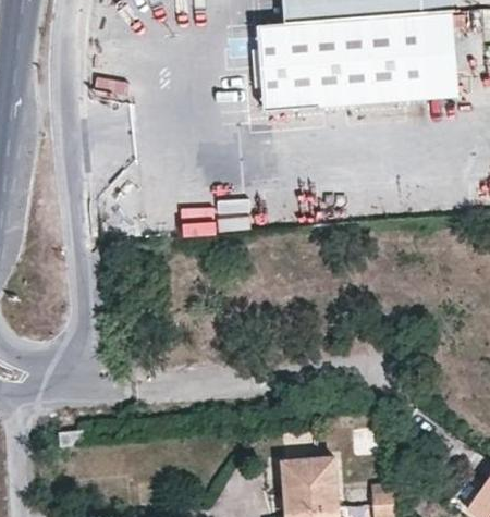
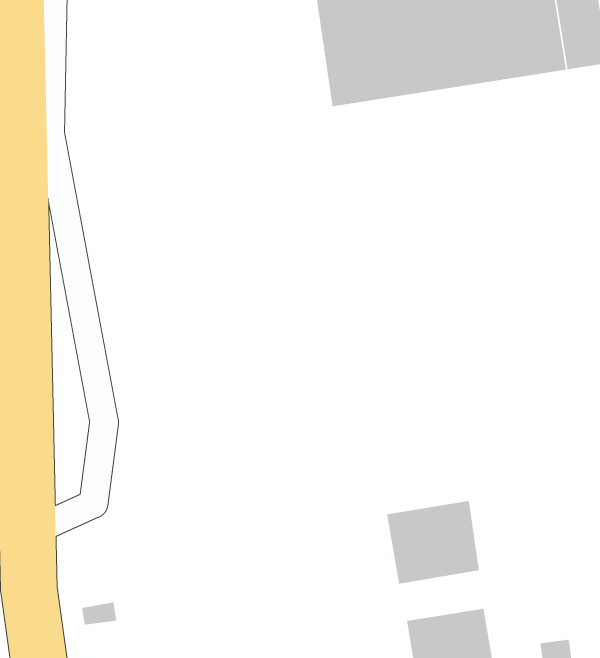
building: none -> [386,500,480,584]

